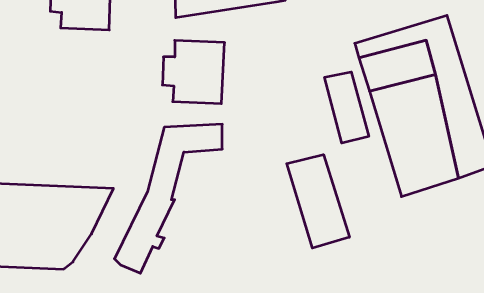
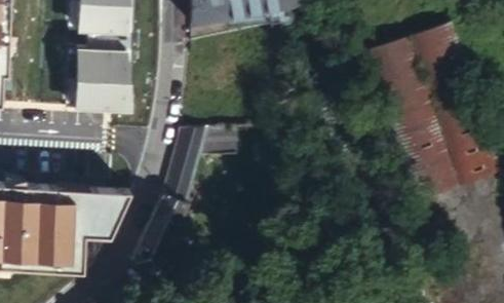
building: [162,40,225,104] -> [64,49,125,112]
building: [325,72,369,143] -> none
building: [287,155,349,248] -> none

